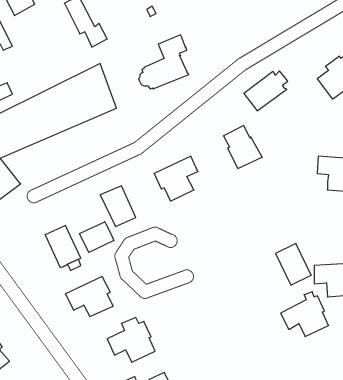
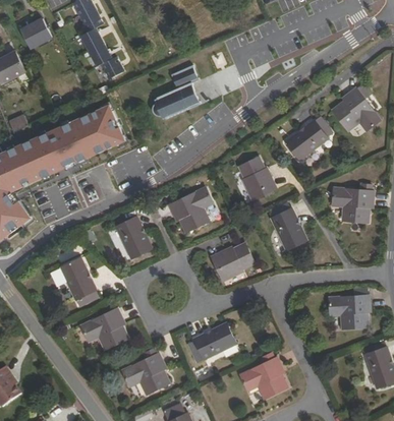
building: [244,71,288,111] -> [285,120,329,160]
building: none -> [211,243,255,282]
building: [80,222,114,252] -> none
building: [276,243,311,285] -> [271,208,306,250]
building: [281,292,329,337] -> [239,354,287,399]
building: none -> [189,324,234,362]

